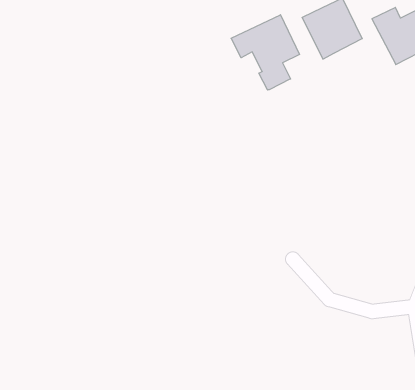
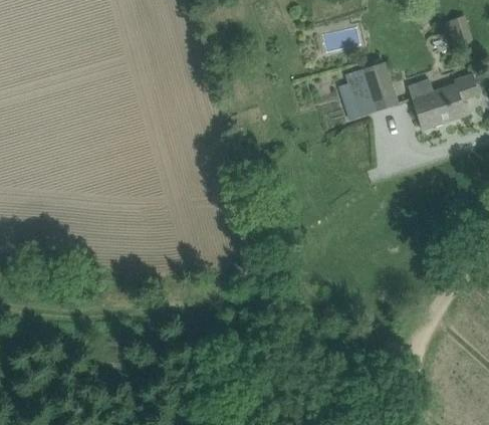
building: [231,15,300,90] -> none

